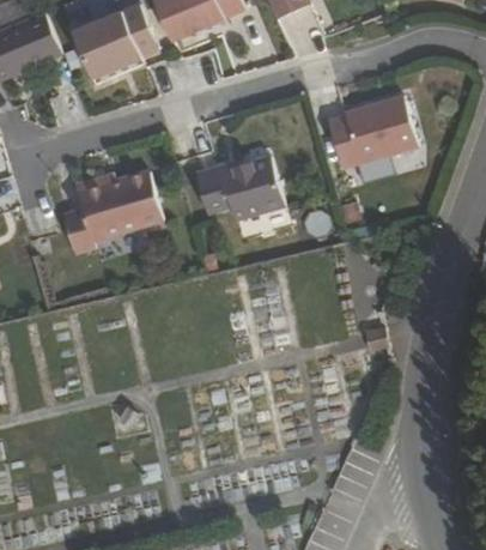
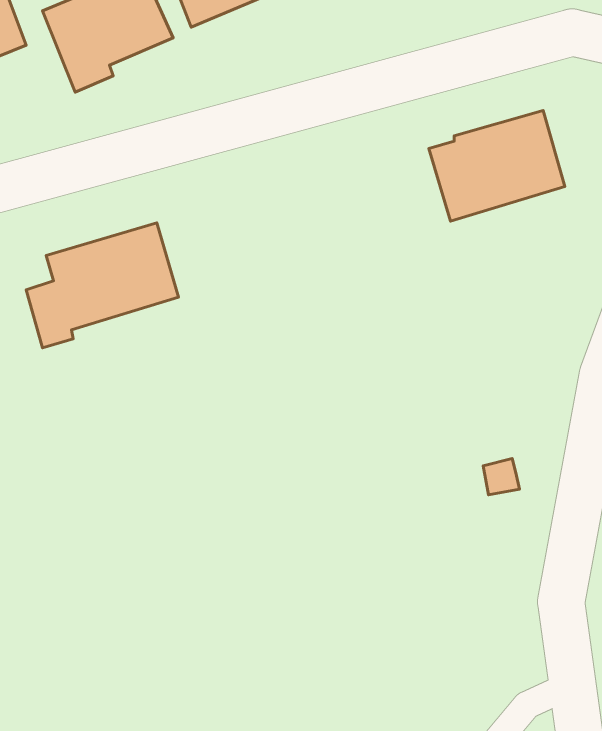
building: [195,156,284,219] -> none

